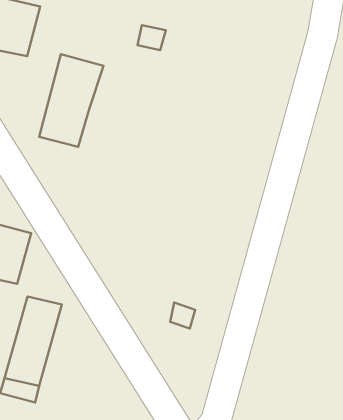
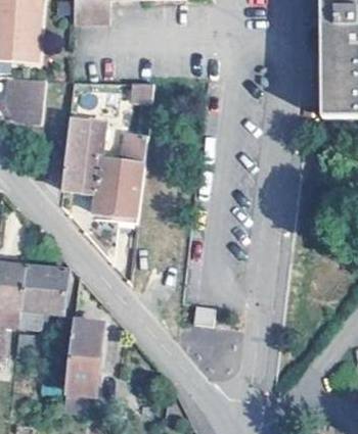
building: none -> [93,134,147,216]

